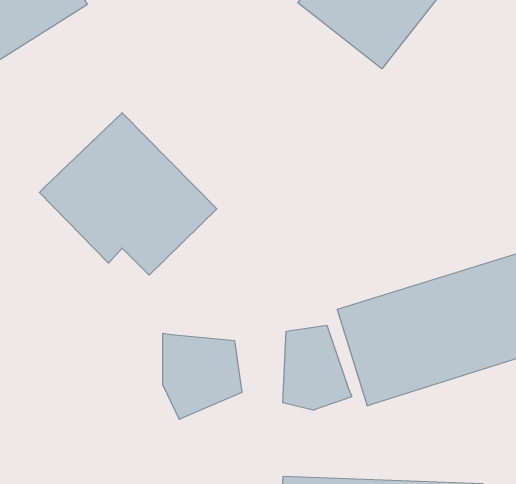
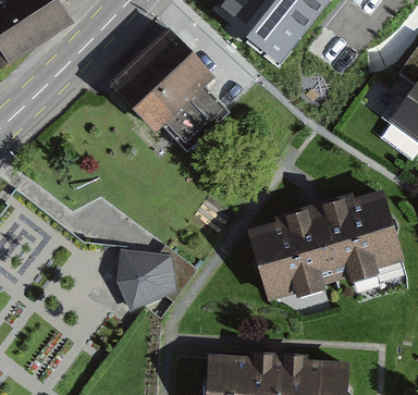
building: [39,113,217,275] -> [109,28,237,146]
building: [283,325,352,410] -> none

